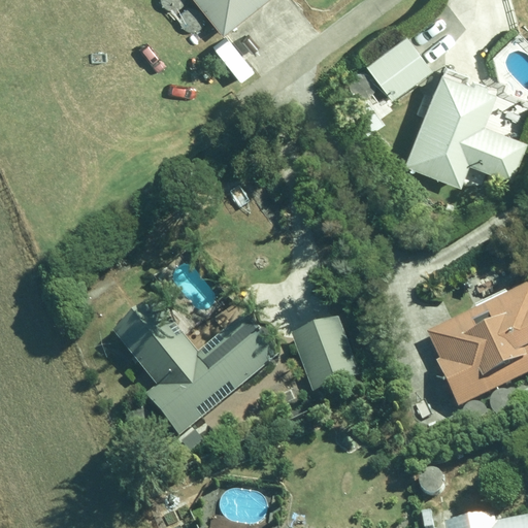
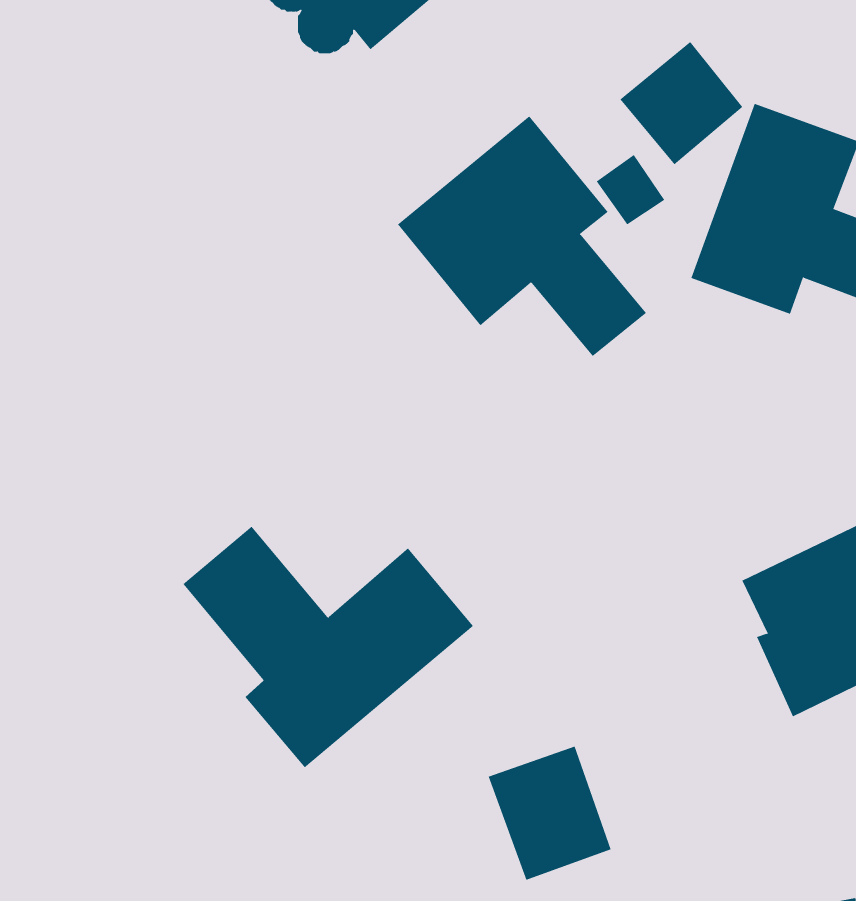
building: none -> [397,115,647,357]
building: [293,317,363,393] -> [488,746,611,880]

